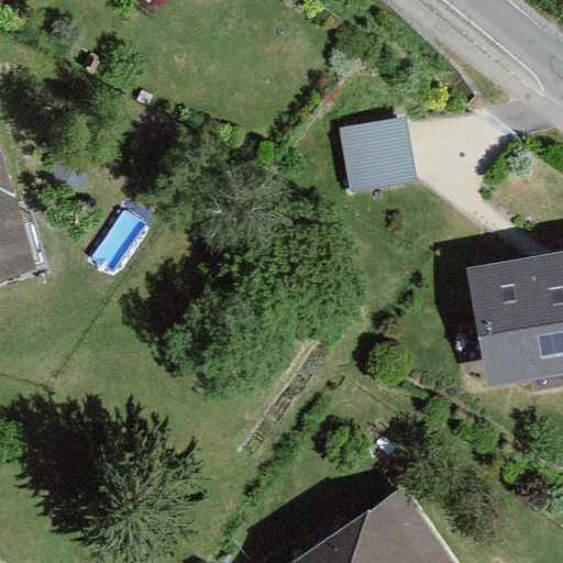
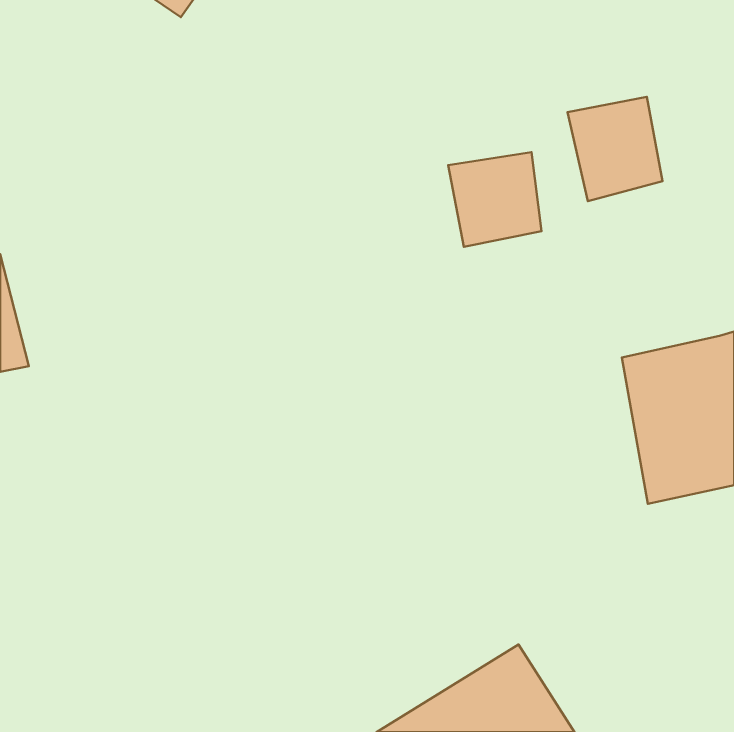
building: none -> [567,97,662,201]

